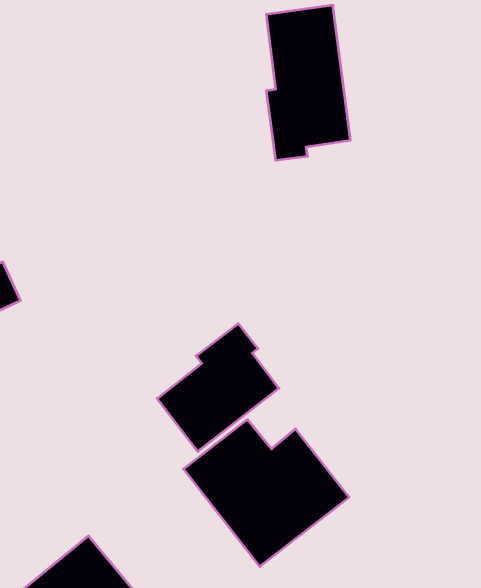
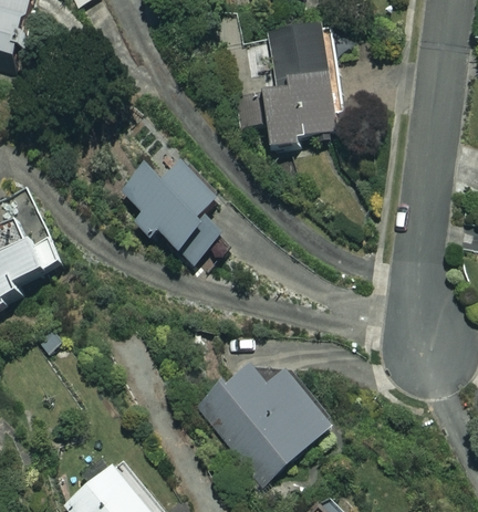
building: none -> [123,159,220,263]
building: [157,324,279,452] -> none

